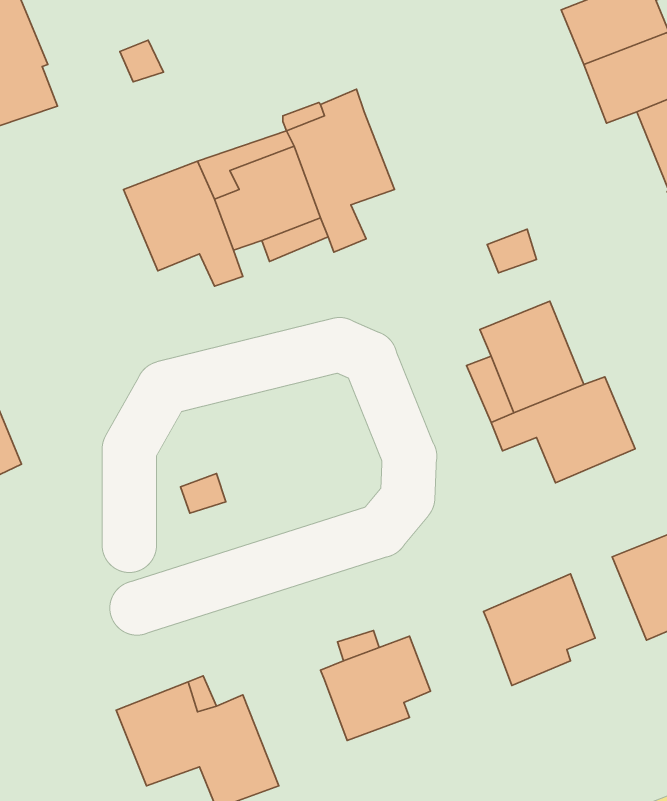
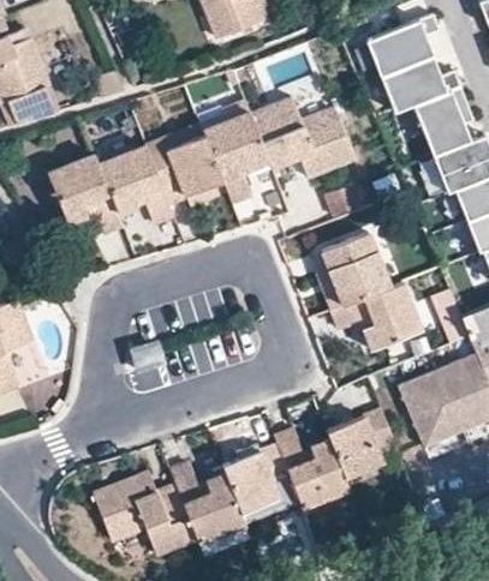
building: none -> [248,95,352,179]
building: none -> [46,152,120,232]
building: none -> [272,426,346,505]
building: none -> [166,461,241,539]

